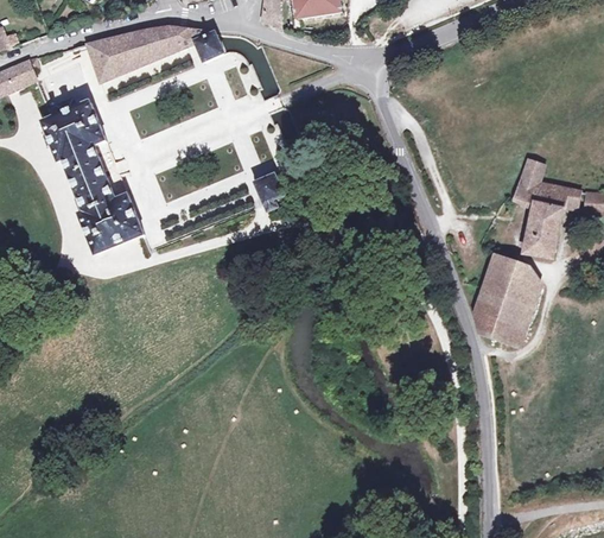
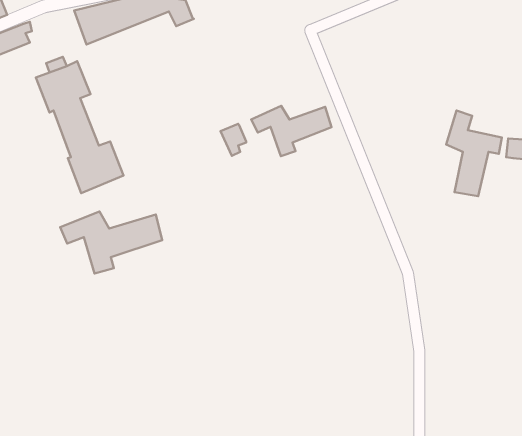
building: none -> [251,106,332,156]
building: [475,255,538,344] -> none
building: none -> [60,211,162,274]

